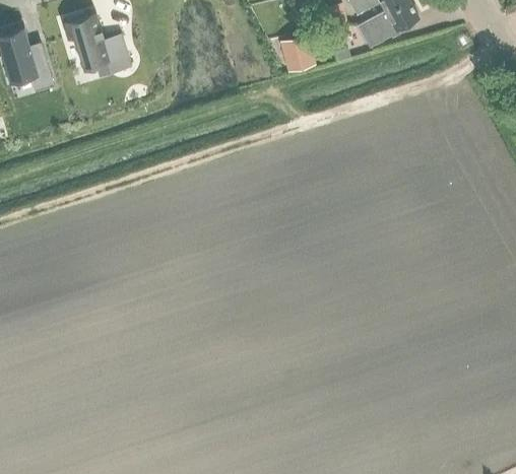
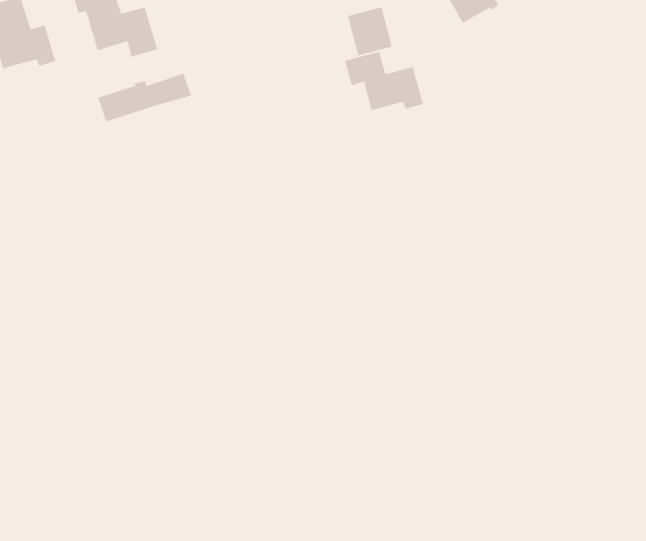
building: none -> [344,51,424,111]
building: none -> [97,73,192,122]

